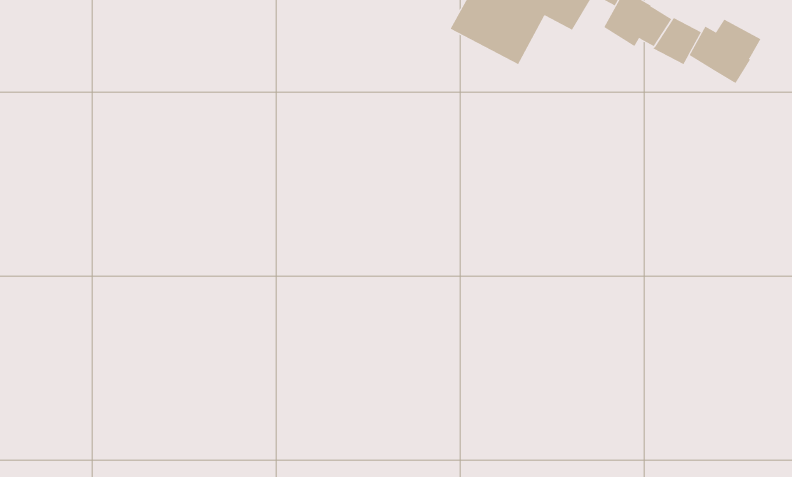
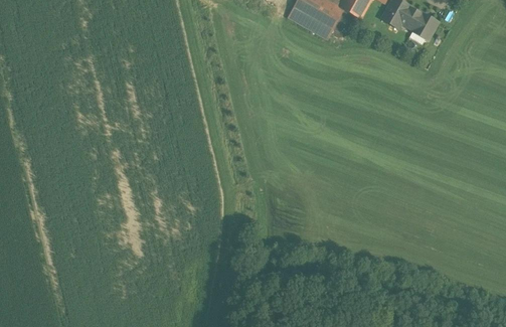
building: [689,19,761,83] -> none

